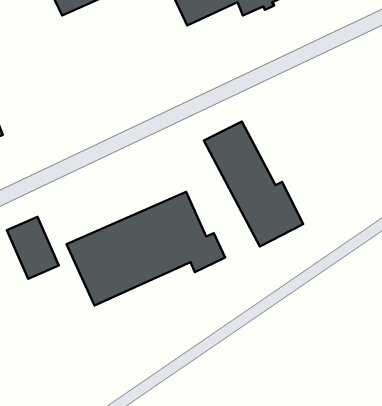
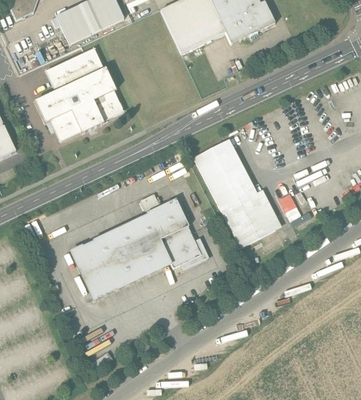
building: none -> [33,47,122,140]
building: [7,217,59,279] -> none

